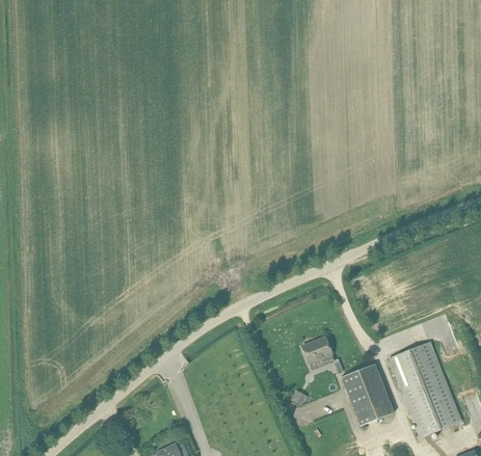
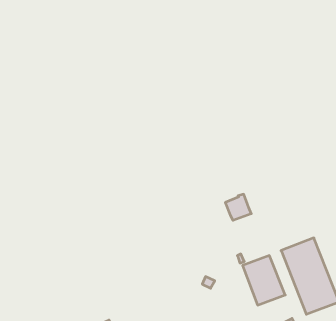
building: [303,337,336,369] -> [225,194,251,220]

